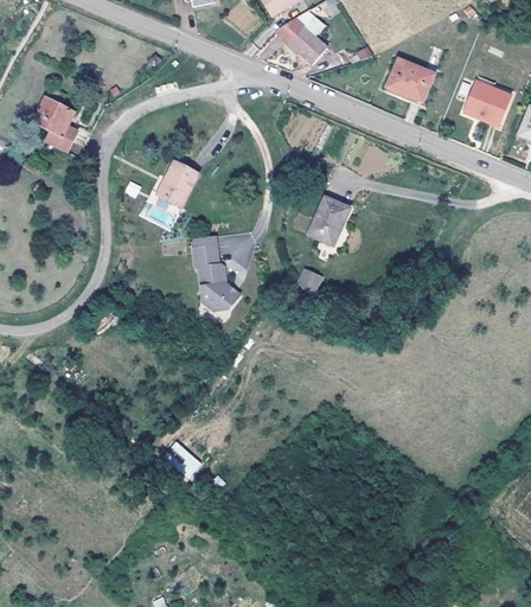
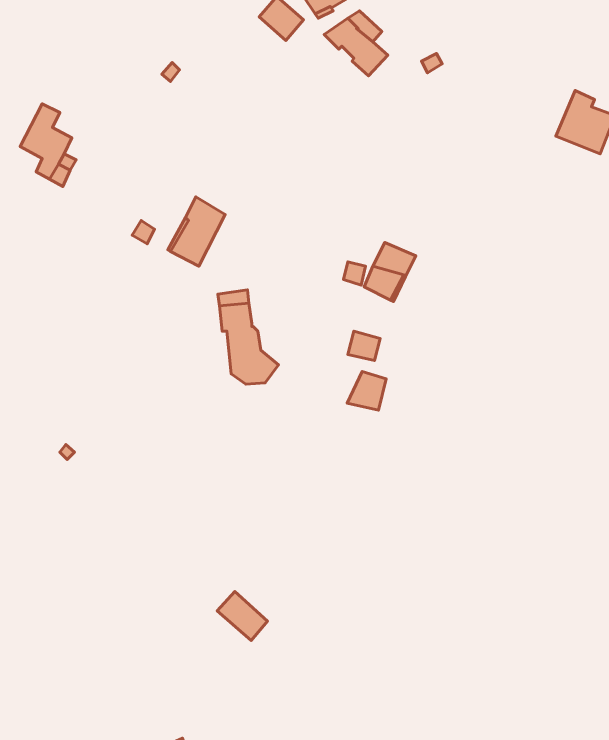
building: [388,59,434,101] -> none
building: none -> [347,371,386,410]
building: [162,440,203,479] -> [217,592,267,640]

